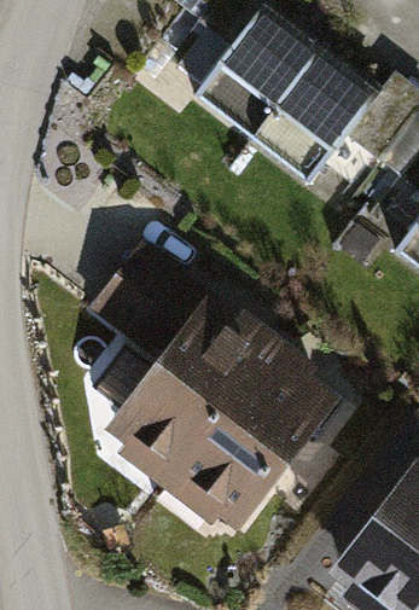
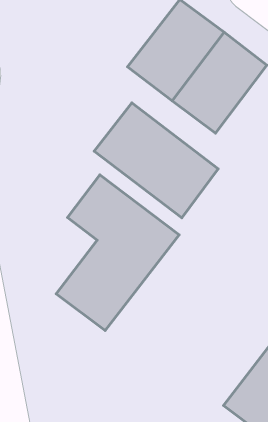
building: none -> [94,103,218,218]
building: [165,333,341,522] -> none

